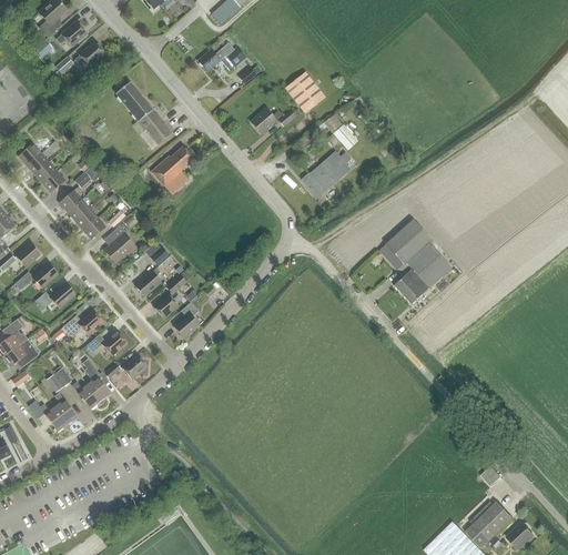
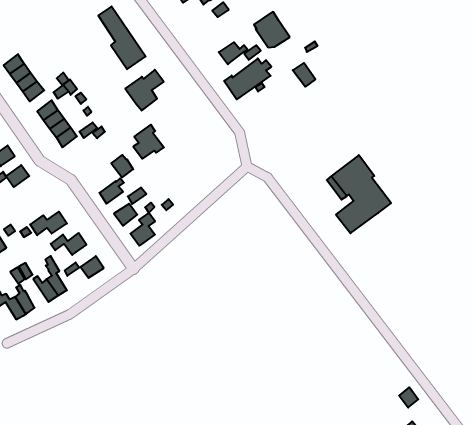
building: [302,151,352,198] -> [224,58,271,99]
building: [104,225,138,263] -> [133,125,164,159]
building: [36,283,75,310] -> none

